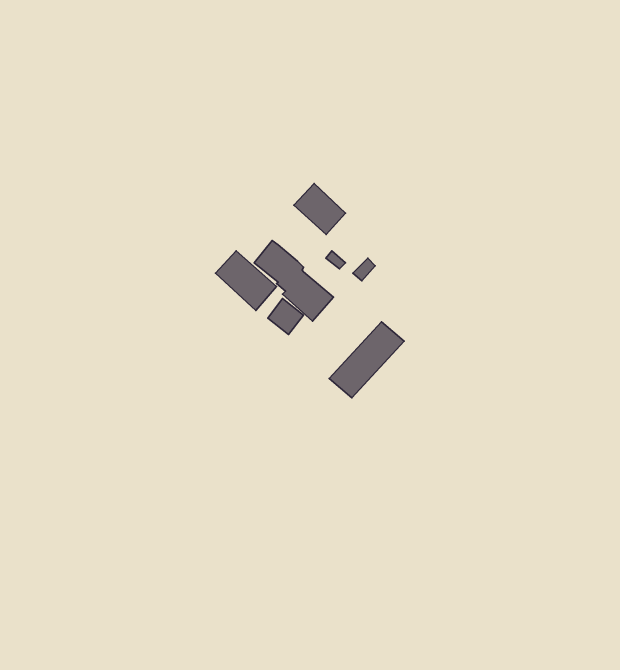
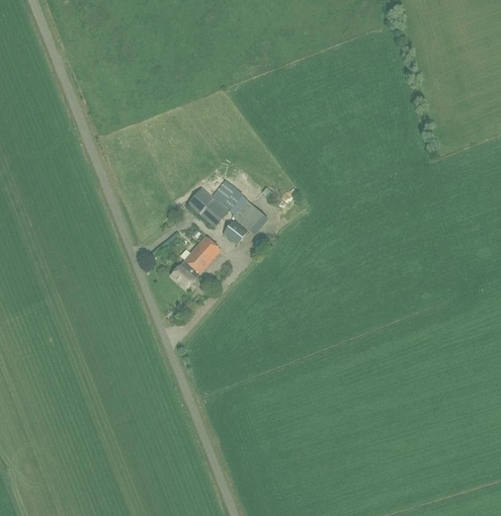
building: [294,184,345,234] -> none
building: [329,322,404,398] -> [170,236,221,287]

